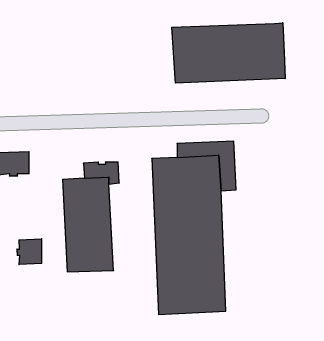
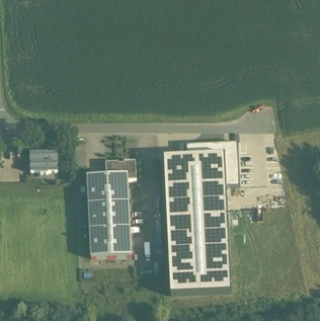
building: [172,23,285,83] -> none
building: [17,239,42,265] -> none

